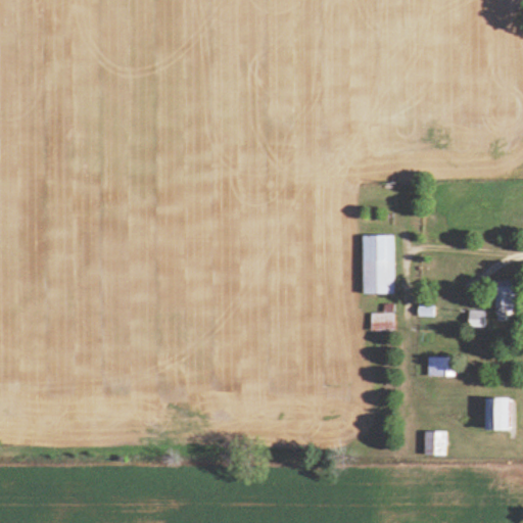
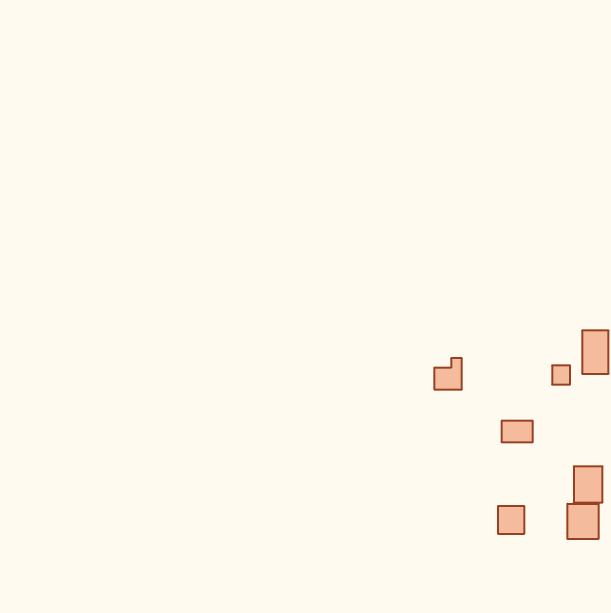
building: [363,235,392,294] -> none
building: none -> [567,504,598,539]

